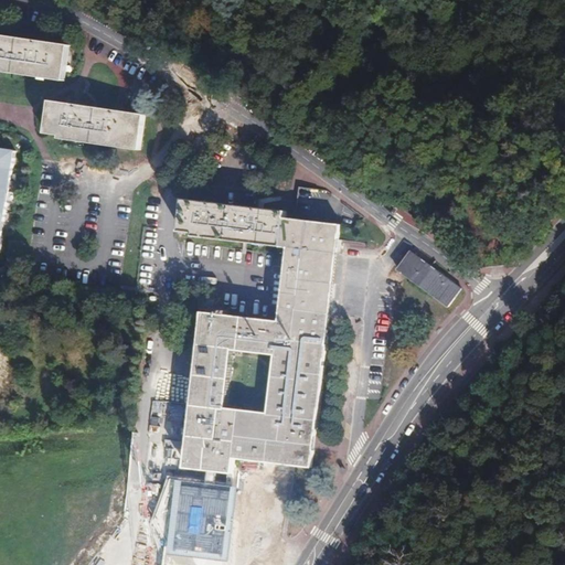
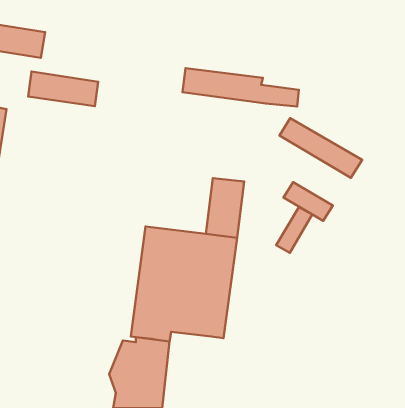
building: none -> [280,118,362,178]
building: [178,196,338,249] -> [182,68,299,107]
building: none -> [276,207,312,253]

